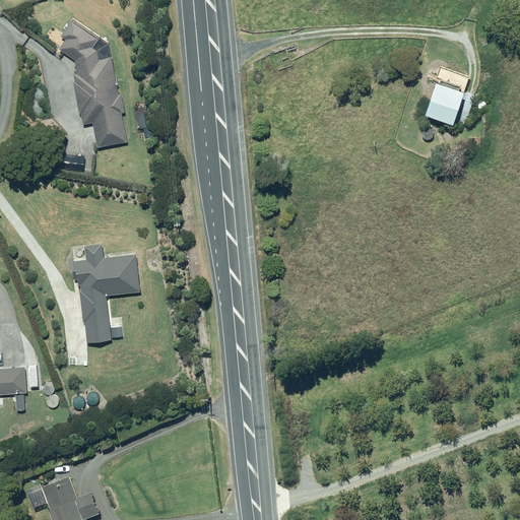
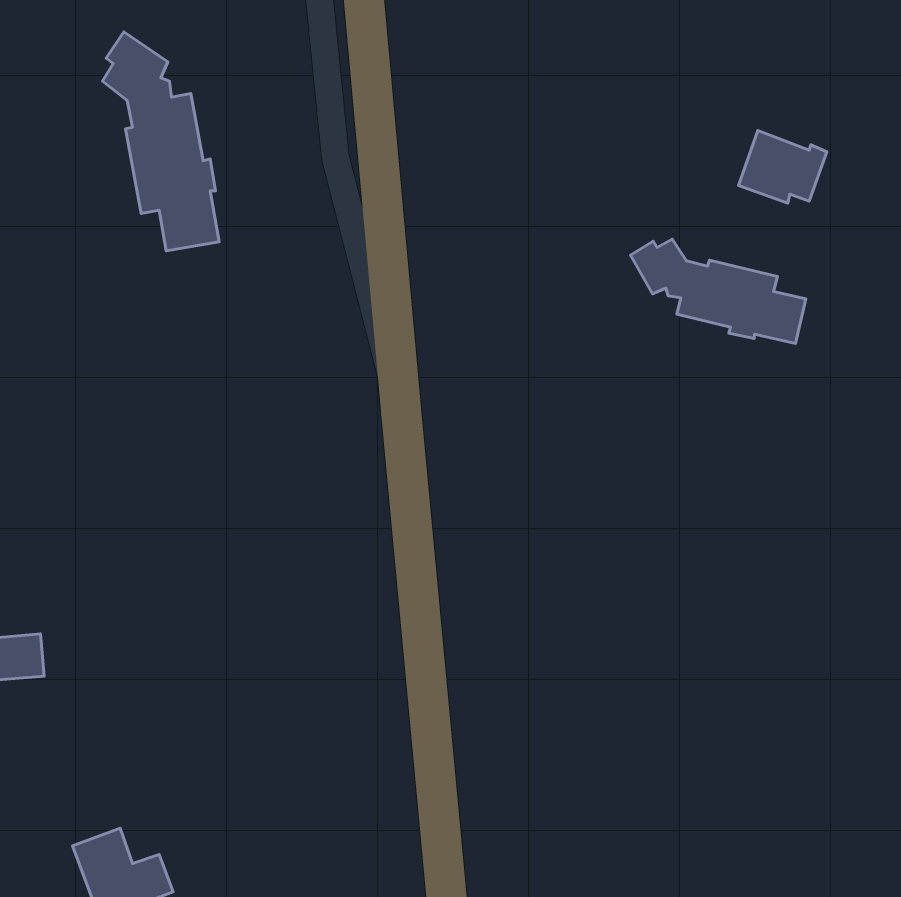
building: none -> [631,239,806,343]
building: [71,245,139,343] -> none

